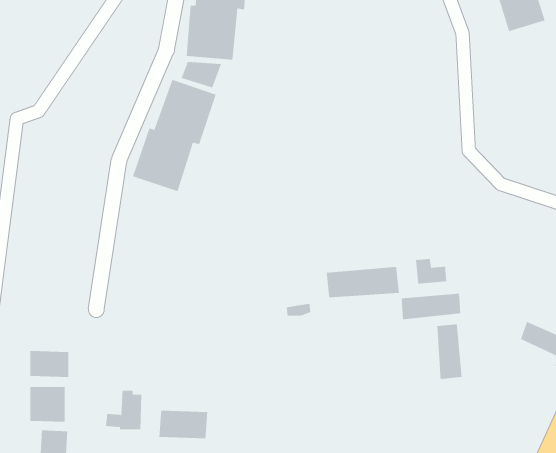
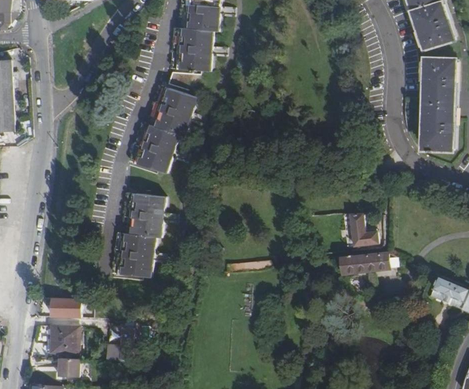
building: none -> [423,58,456,150]
building: none -> [113,193,165,278]
building: [326,266,400,298] -> none
building: [437,323,462,380] -> none
building: [159,410,208,439] -> none

